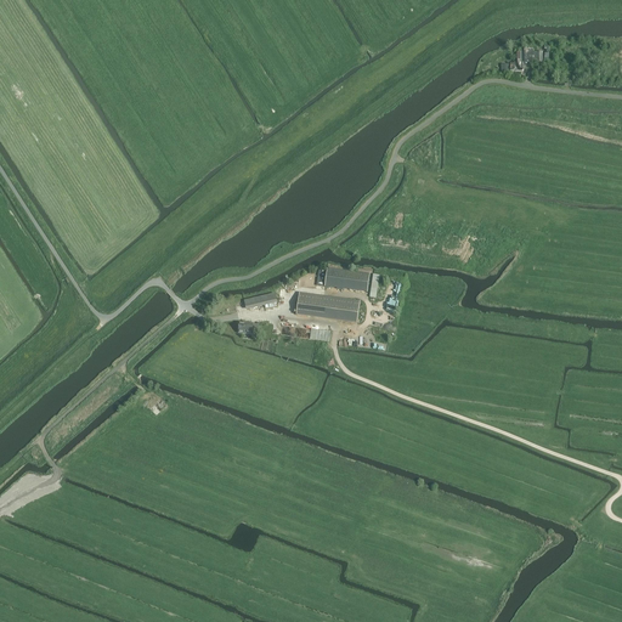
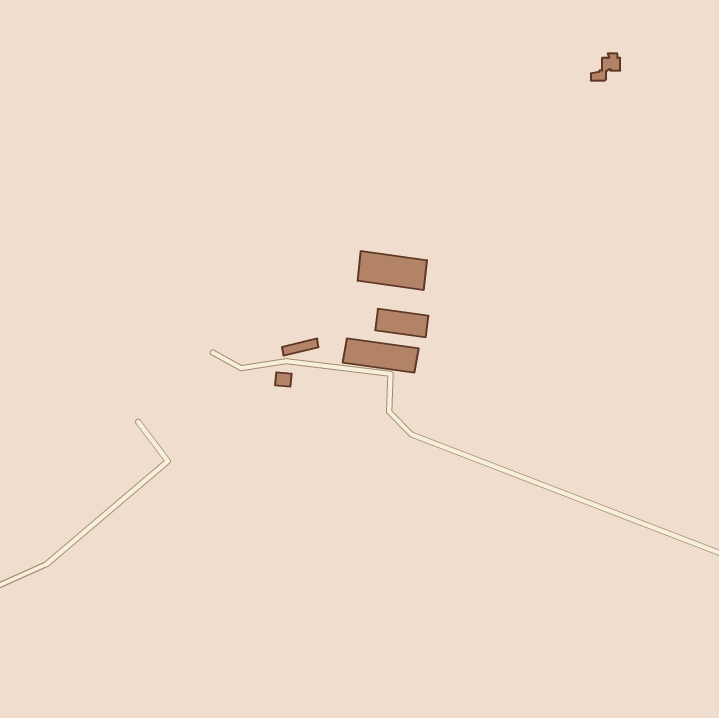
building: none -> [358,251,427,290]

